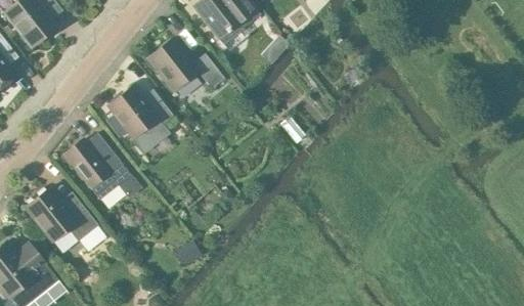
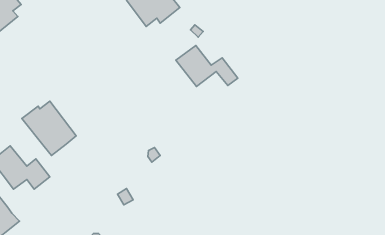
building: [148,39,225,90] -> [176,45,238,86]
building: [105,86,173,139] -> none

